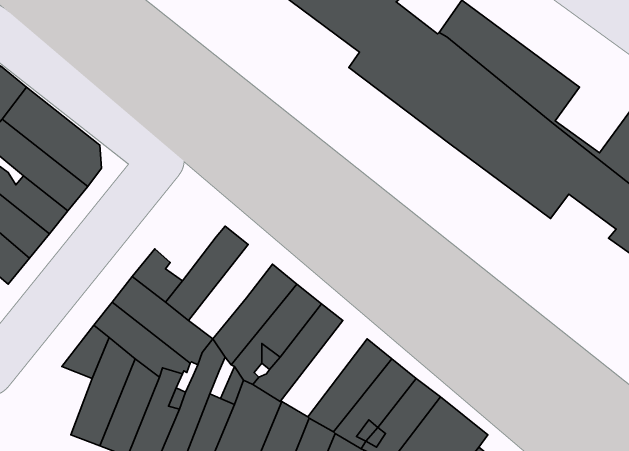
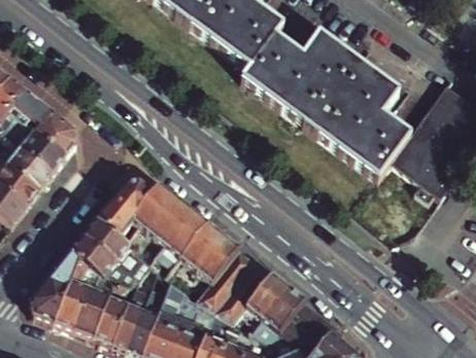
building: none -> [112,178,154,218]
building: none -> [135,193,192,257]
building: none -> [197,245,256,310]
building: none -> [32,276,70,322]

